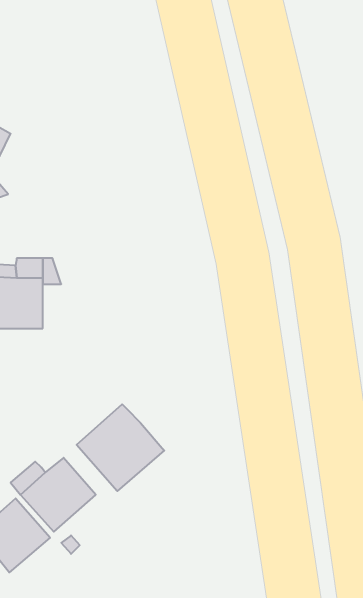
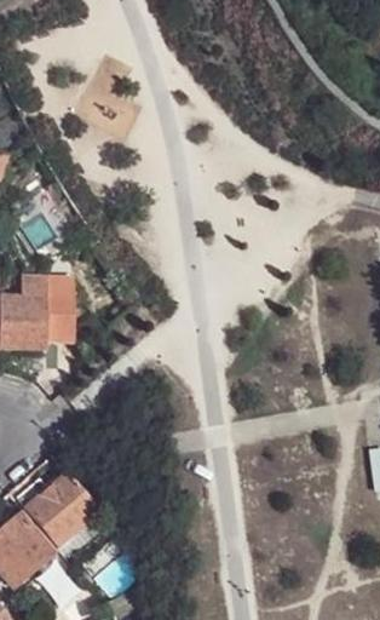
building: [77,404,164,491] -> none

